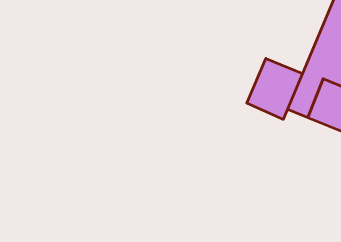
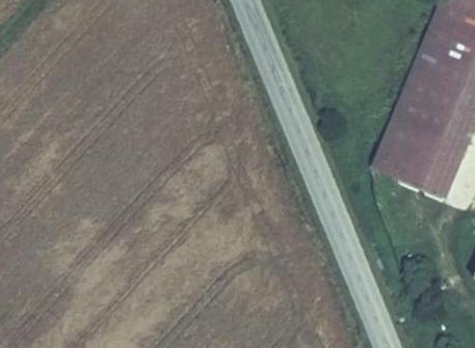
building: [247,58,302,119] -> none

